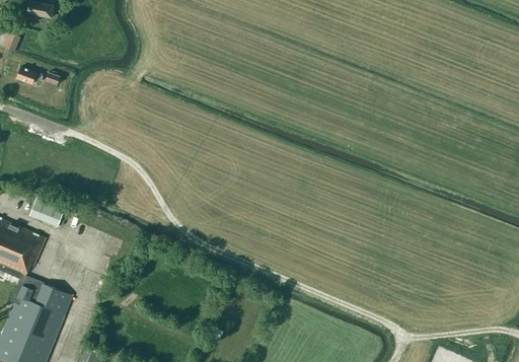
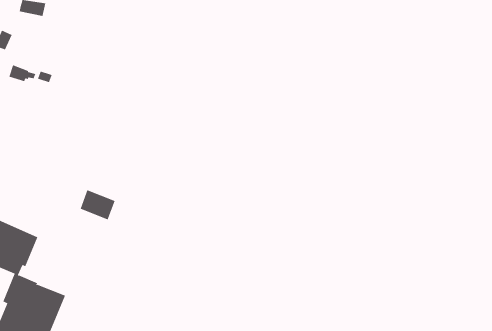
building: [29,196,65,226] -> [80,190,115,220]

